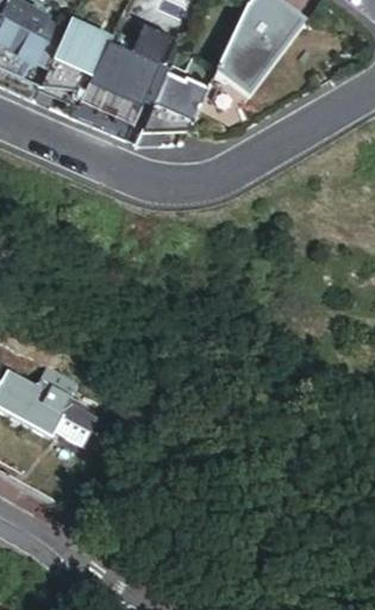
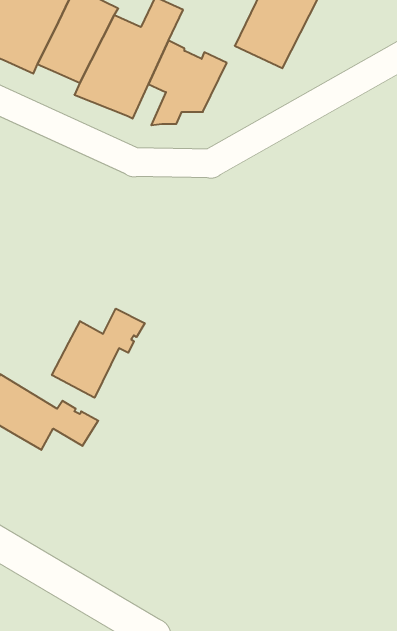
building: none -> [52,309,145,398]

